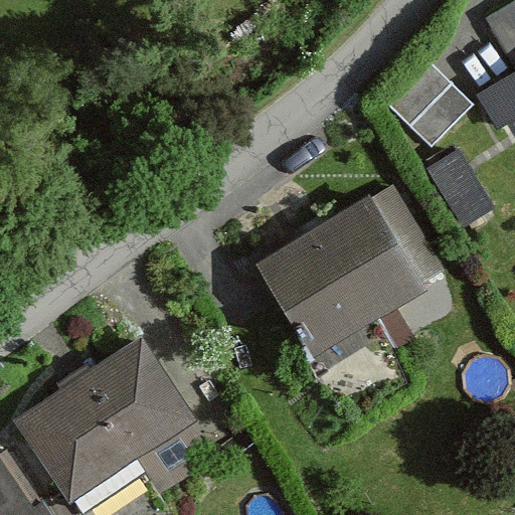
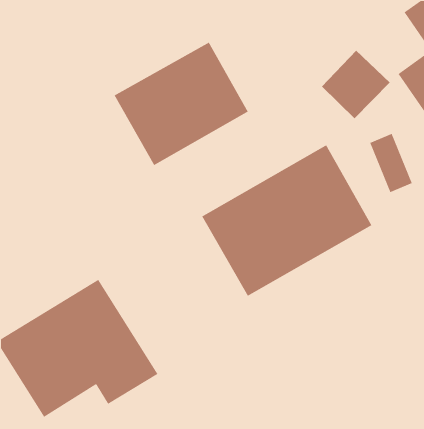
building: none -> [114,41,249,166]

